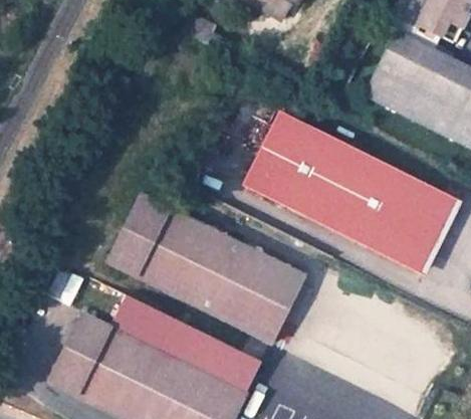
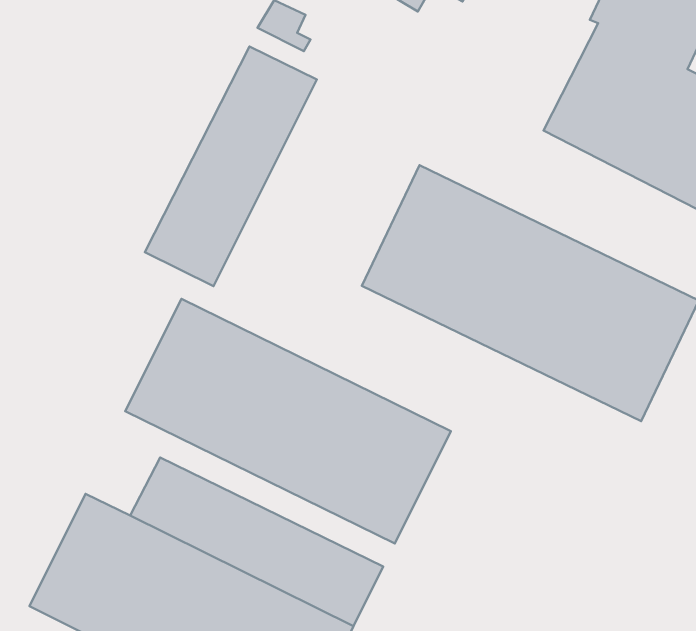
building: none -> [145,47,317,286]

